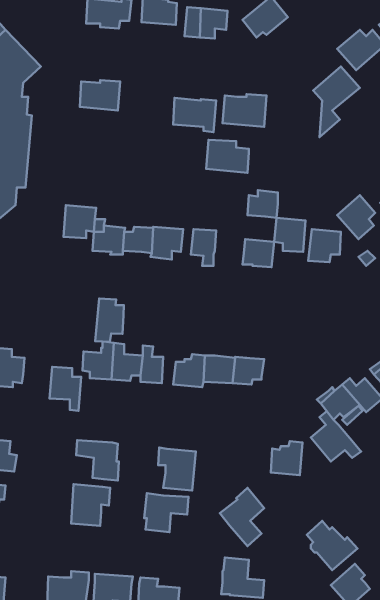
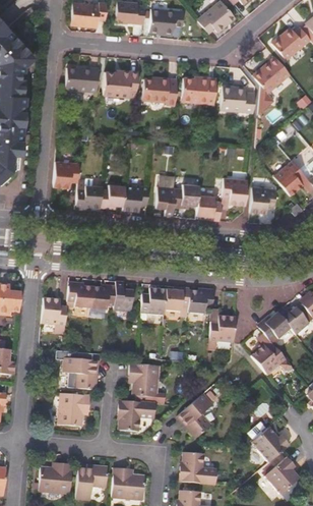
building: none -> [104,71,138,98]
building: [206,140,249,173] -> [221,87,255,113]
building: [248,190,278,218] -> [175,184,199,207]
building: [95,298,124,342] -> none
building: [271,441,302,475] -> [210,316,236,343]

